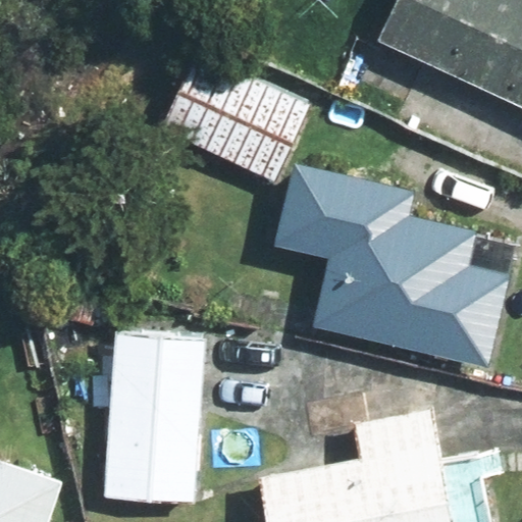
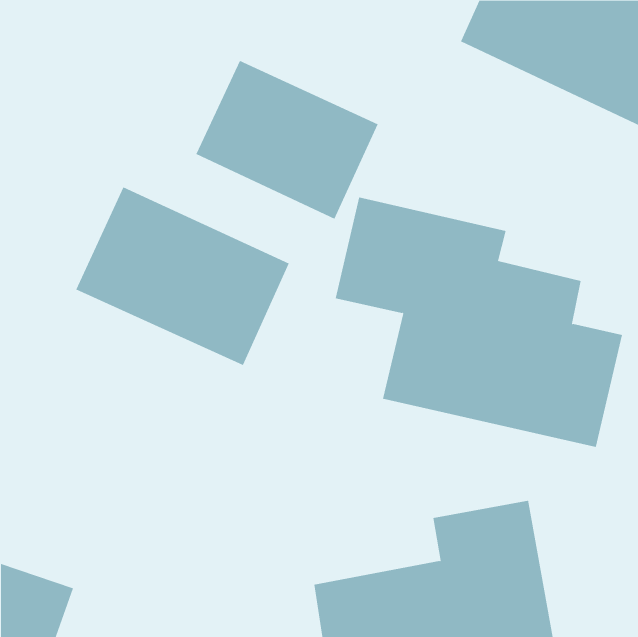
building: none -> [76,186,290,366]
building: [61,333,205,504] -> none

